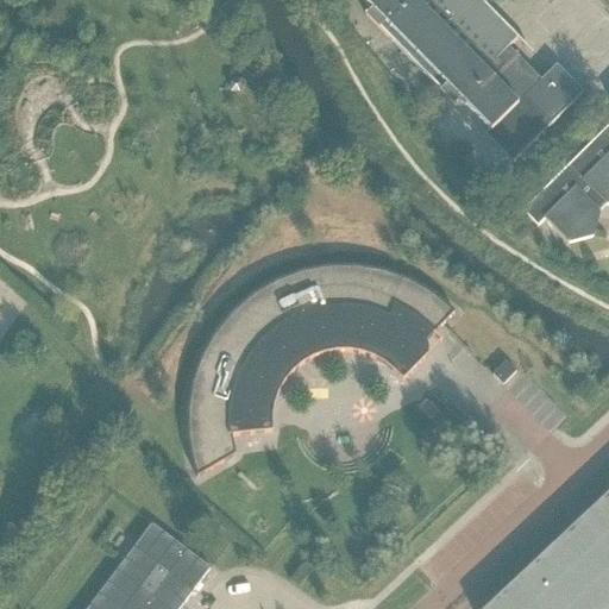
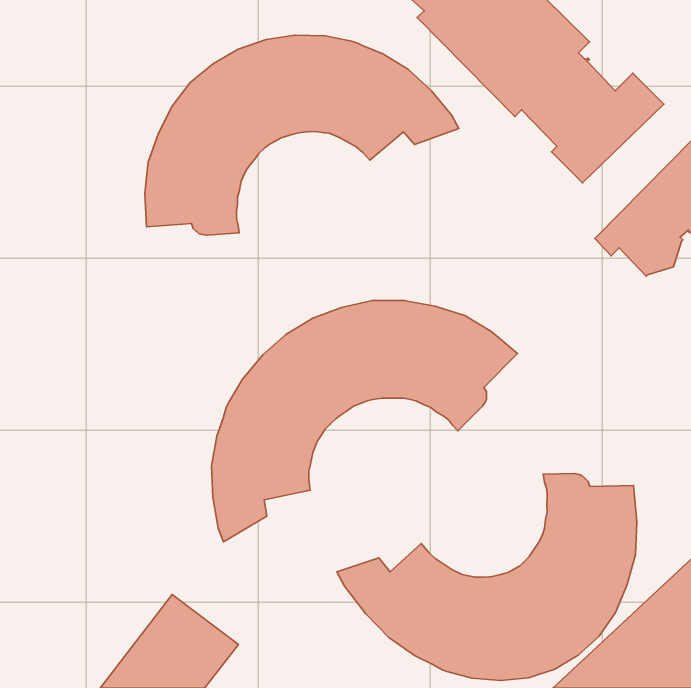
building: none -> [145,35,459,235]
building: none -> [337,473,637,681]

